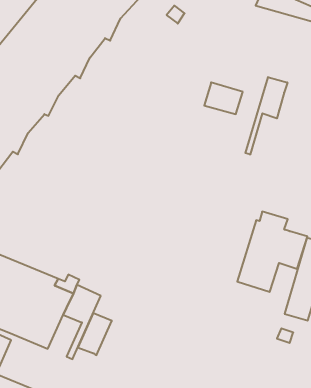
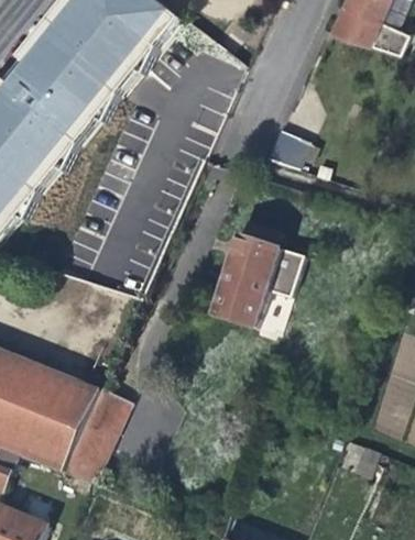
building: [245,77,287,155] -> none
building: [237,212,307,292] -> [215,224,305,328]
building: [78,313,112,355] -> [64,429,108,483]

